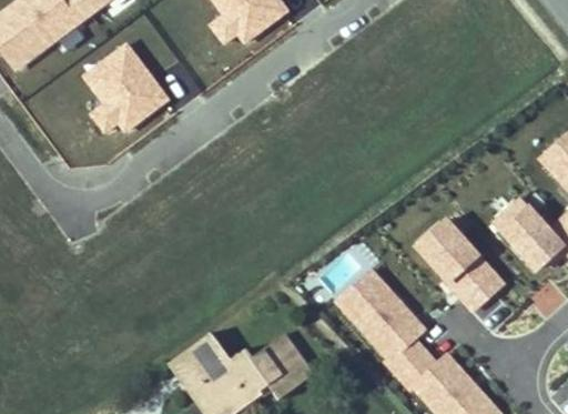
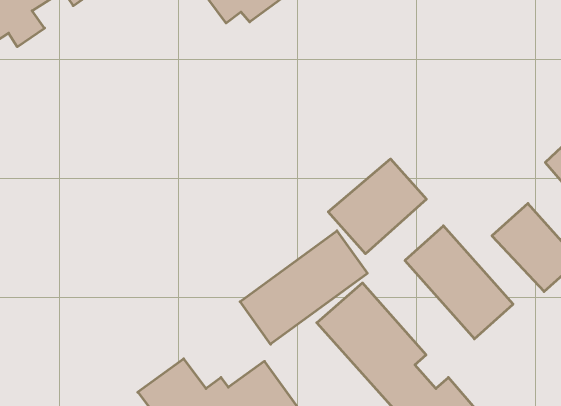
building: [97,52,171,130] -> none
building: none -> [328,159,426,254]
building: none -> [240,231,367,344]

